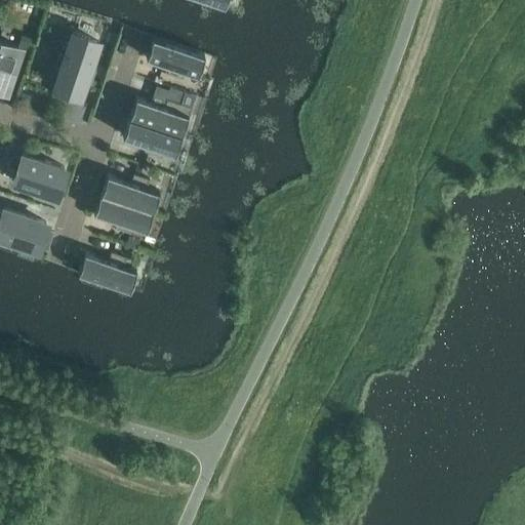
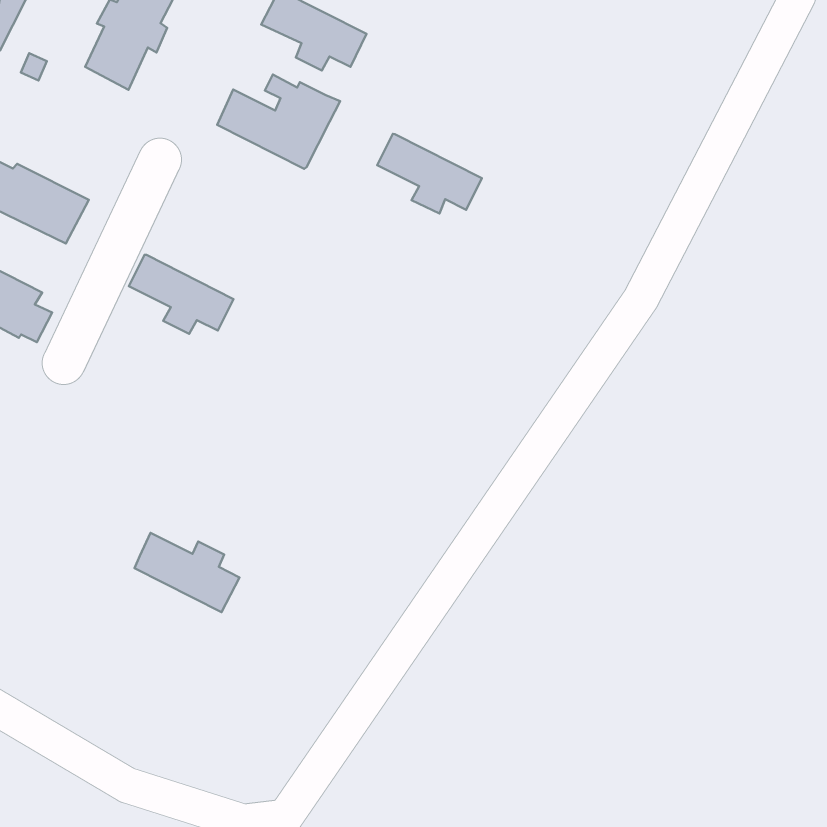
building: [123,122,181,162] -> [377,134,482,213]
building: [102,178,160,216] -> none
building: [79,256,137,294] -> [134,533,240,612]

